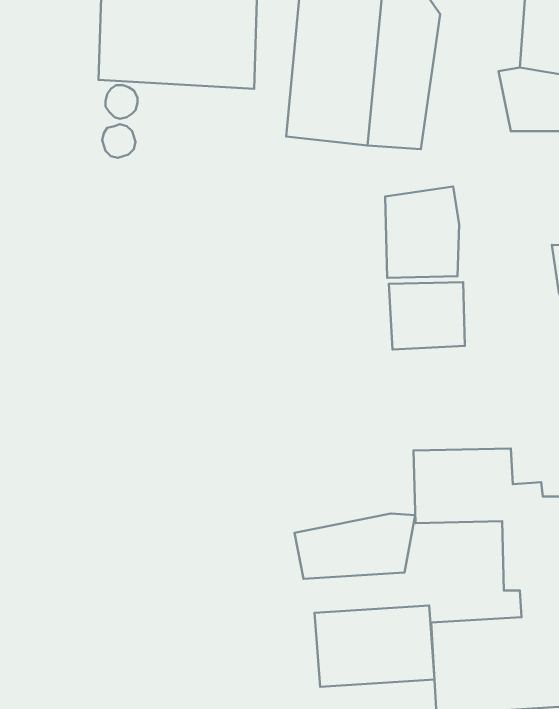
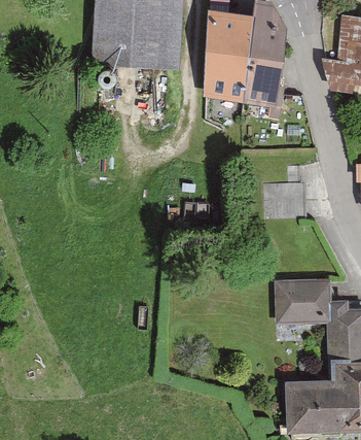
building: [385,186,459,278] -> none
building: [294,513,415,579] -> none
building: [315,606,435,687] -> none

